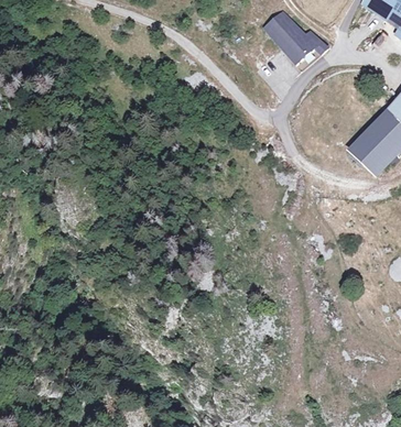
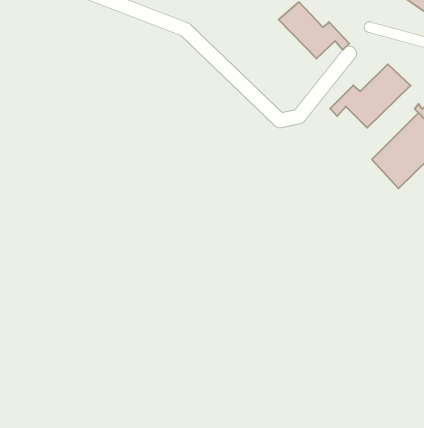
building: none -> [330,64,411,128]

